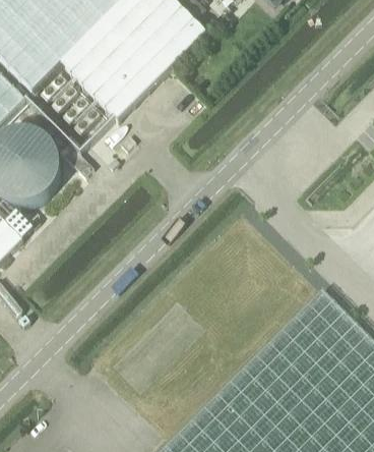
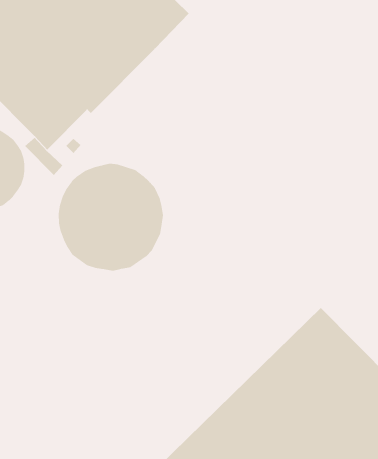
building: none -> [58,163,164,271]

